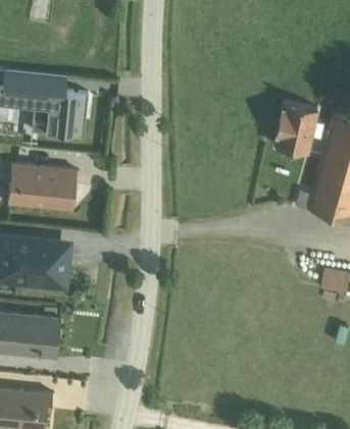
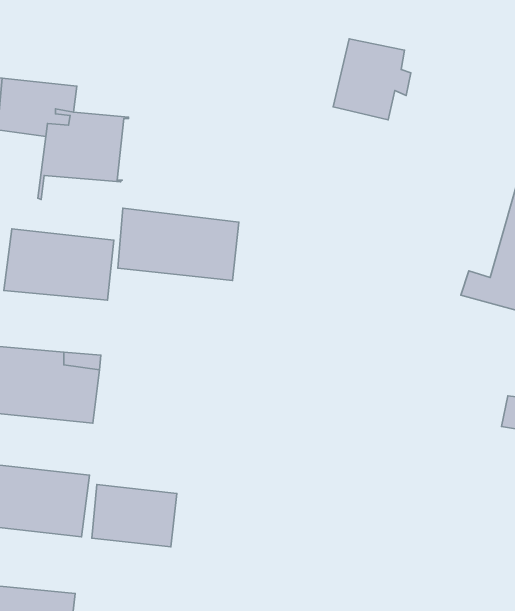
building: [273,103,322,154] -> [333,39,411,120]
building: none -> [118,208,239,280]
building: none -> [92,484,177,547]

